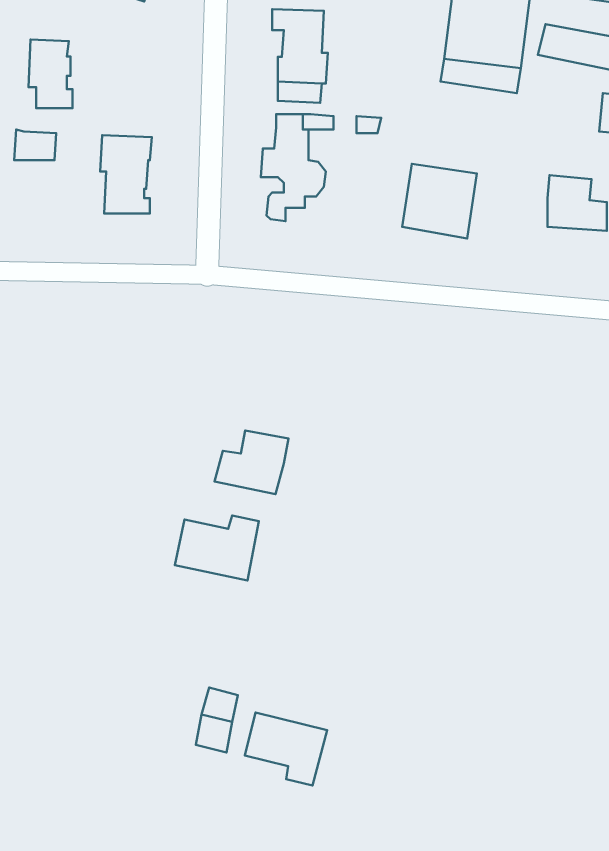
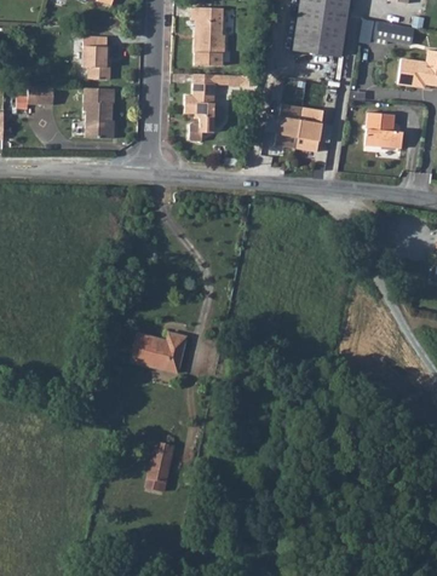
building: [29,39,73,108] -> [81,35,109,79]
building: [215,431,289,494] -> none
building: [245,712,327,786] -> none

